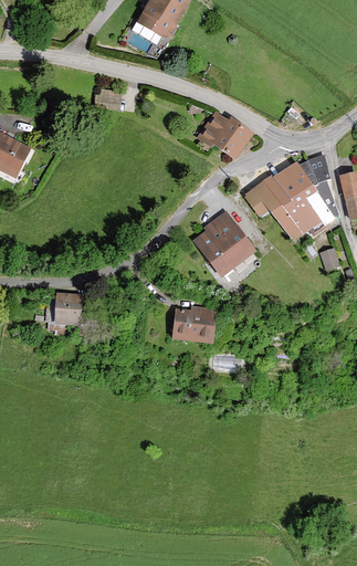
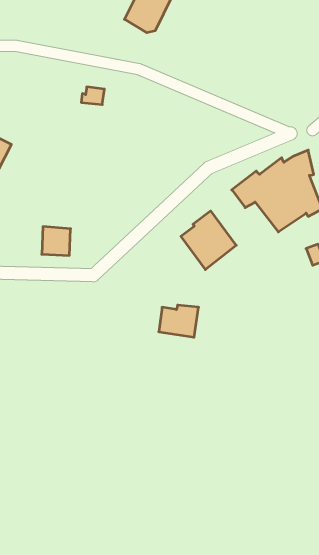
building: [198,114,249,156] -> none
building: [56,295,85,324] -> [42,227,71,255]

